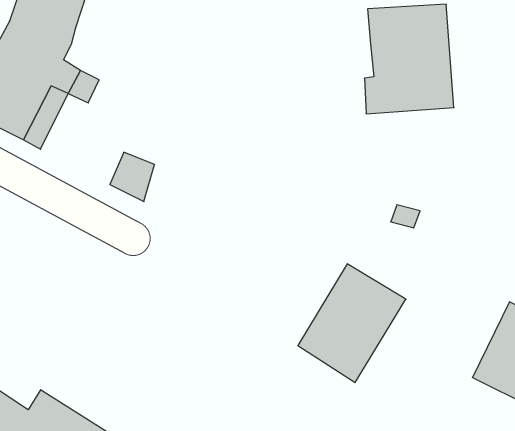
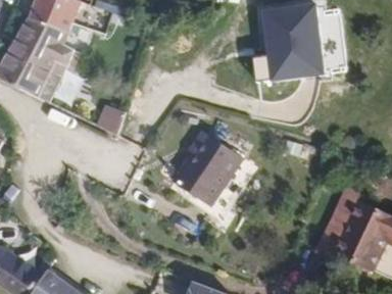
building: [298,264,406,383] -> [174,130,245,208]

